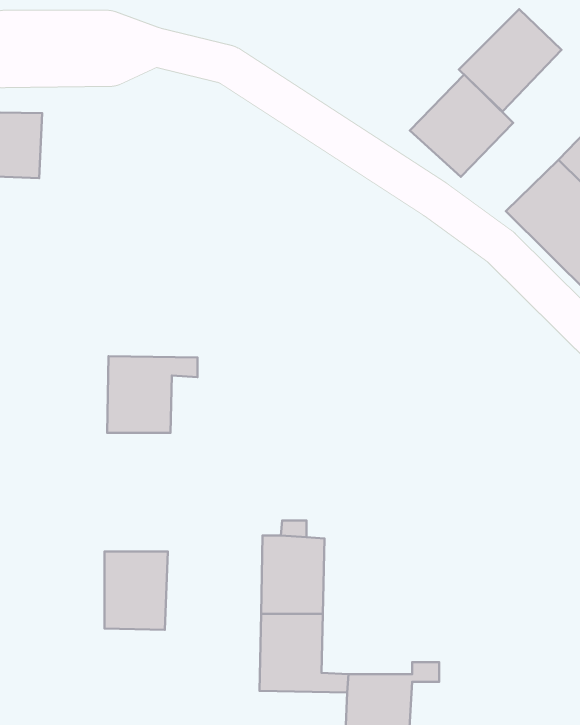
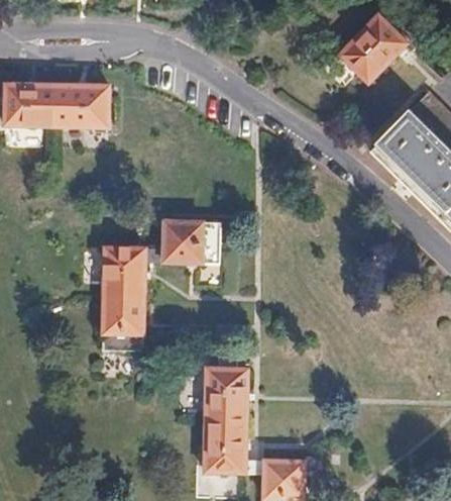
building: [410,74,513,177] -> none
building: none -> [57,84,109,128]
building: none -> [162,220,220,263]
building: [104,552,168,630] -> [102,298,144,350]

